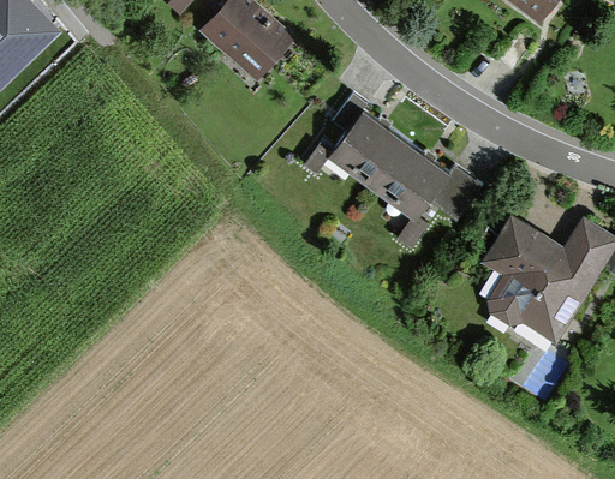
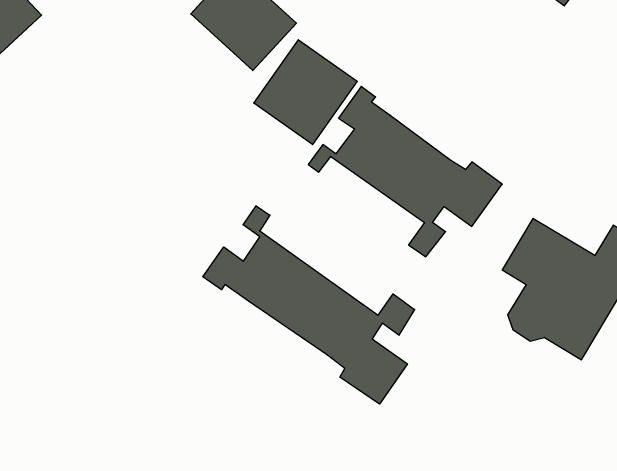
building: none -> [254,40,357,145]
building: none -> [203,206,415,404]

